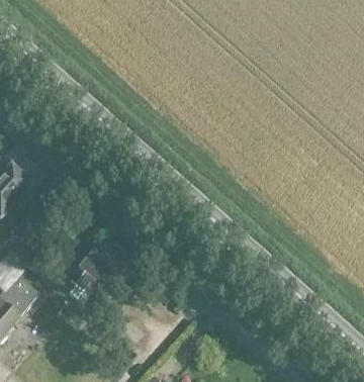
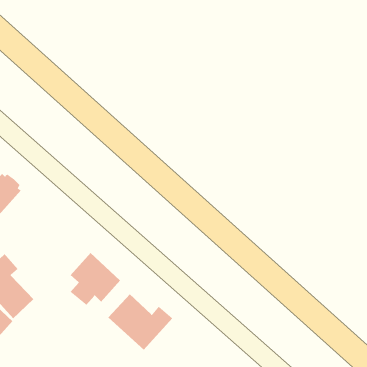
building: none -> [108,293,173,350]

